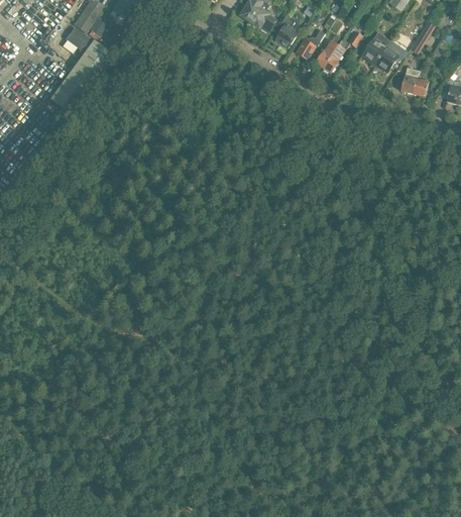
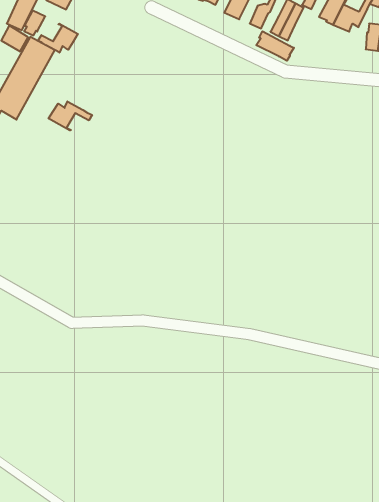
building: none -> [38,24,78,53]
building: none -> [256,31,294,61]
building: none -> [49,101,92,130]

